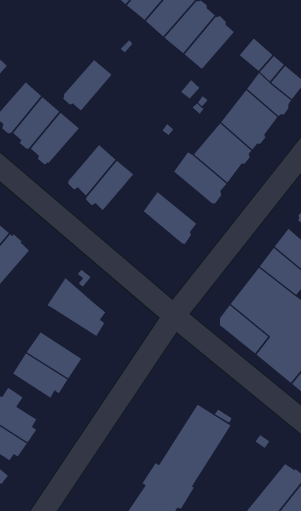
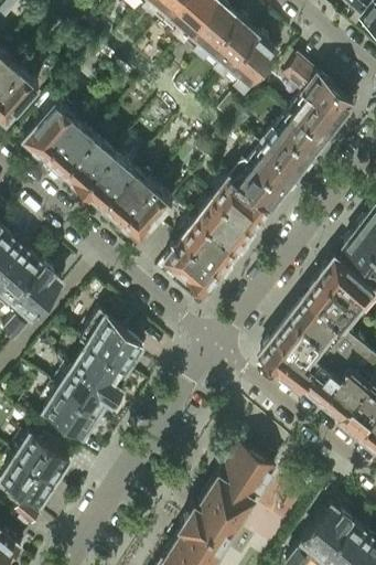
building: [62,59,113,111] -> [83,152,136,207]
building: none -> [197,198,255,253]
building: none -> [165,239,223,296]
building: none -> [66,339,133,395]

